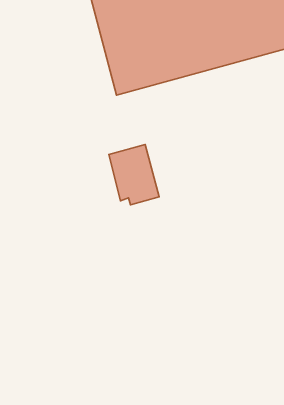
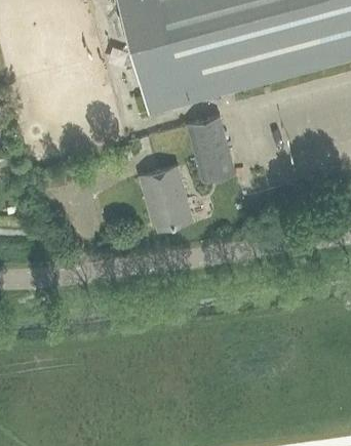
building: none -> [186,116,233,183]

